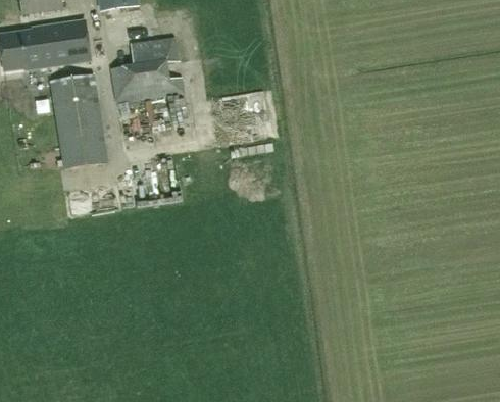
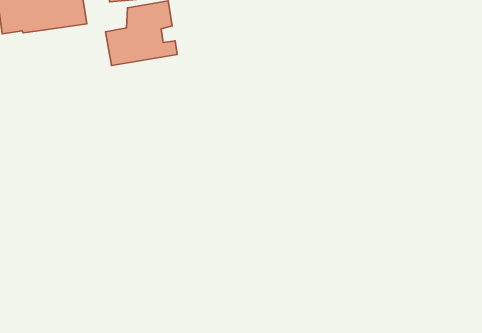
building: [52,74,106,166] -> none

